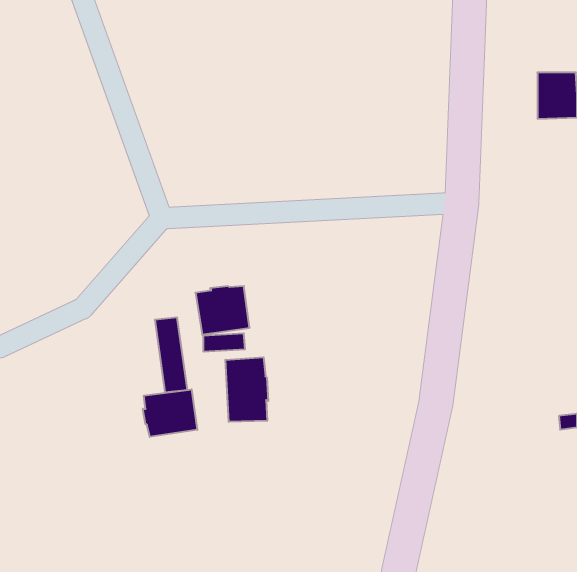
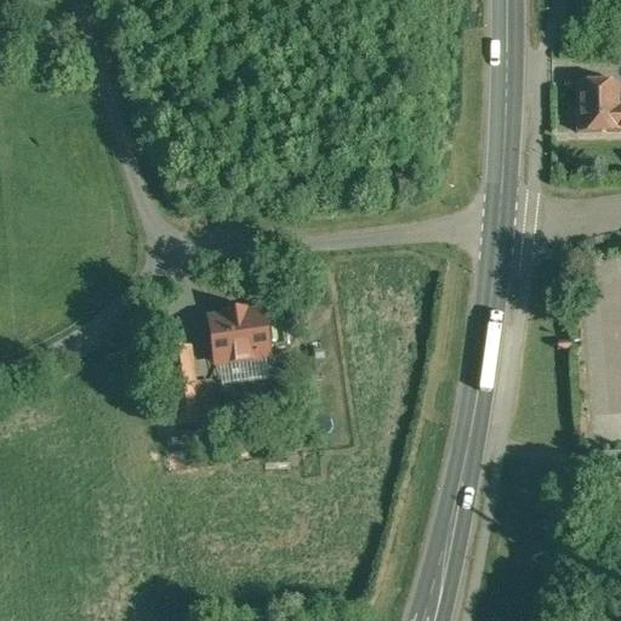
building: [225,357,268,422] -> none
building: [143,389,197,437] -> none

